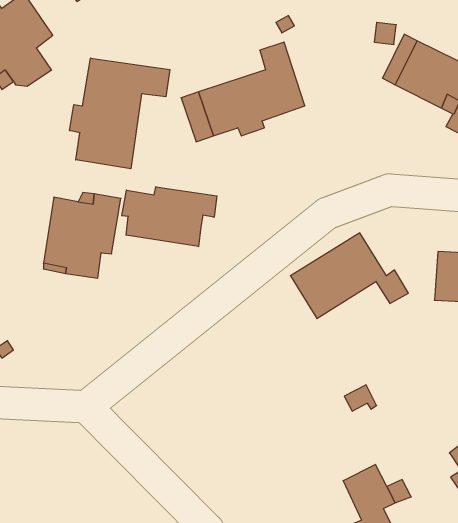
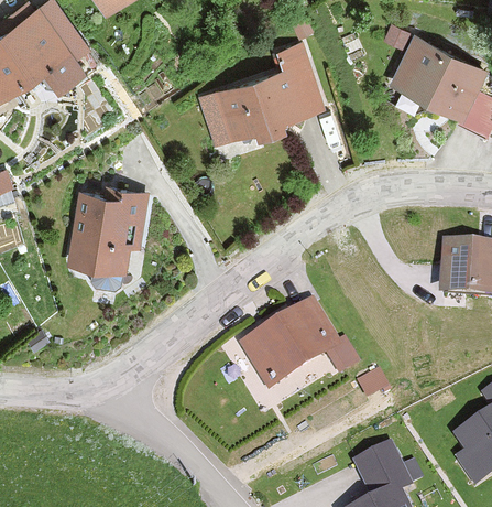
building: [70,58,170,169] -> none
building: [122,187,217,247] -> none
building: [290,233,408,319] -> [245,305,358,387]

